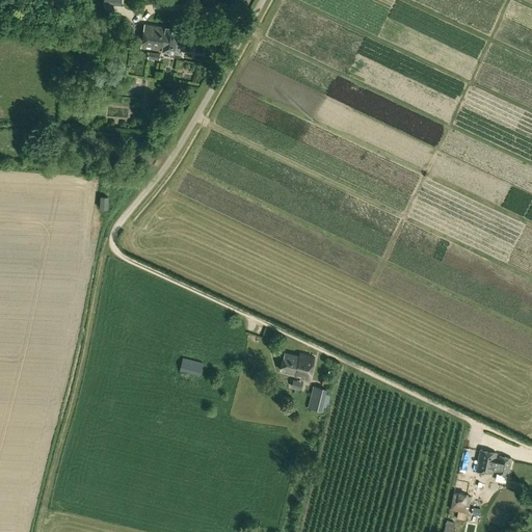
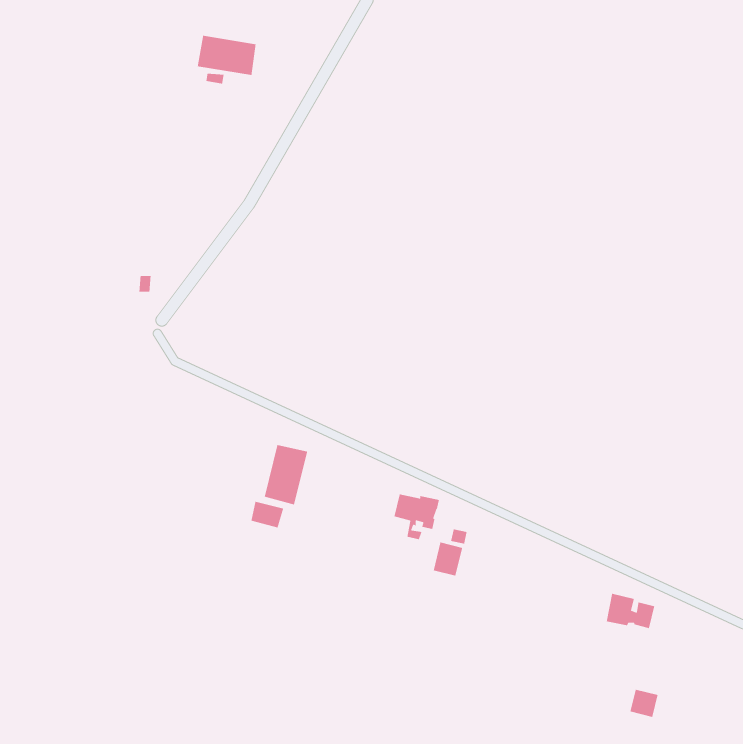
building: none -> [264,444,308,505]
building: [476,449,511,475] -> [606,593,655,629]

